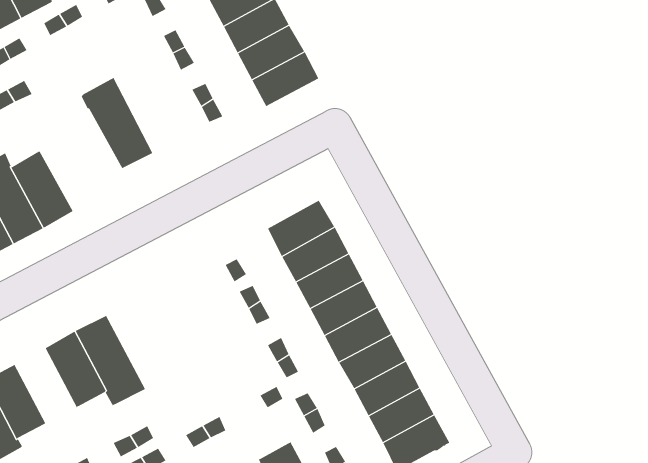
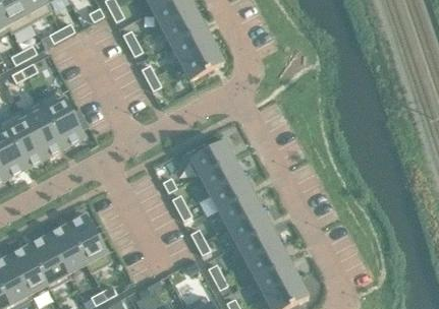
building: [81,77,153,169] -> [38,87,85,146]
building: none -> [26,235,70,289]

